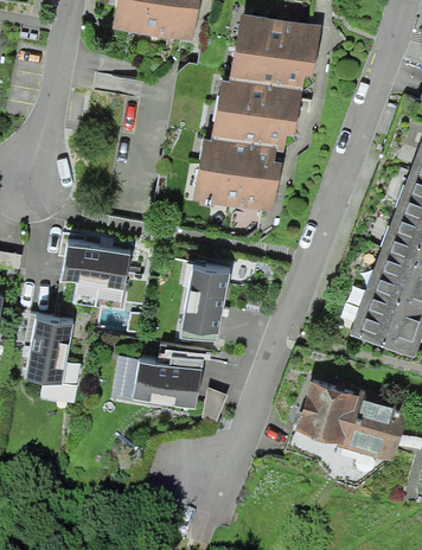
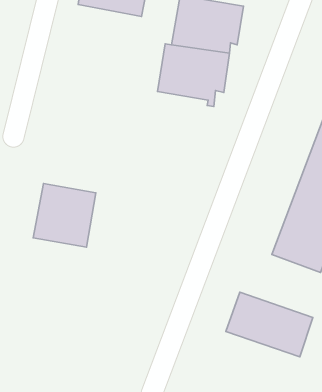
building: [188,126,277,203] -> none
building: [171,264,230,335] -> none
building: [19,315,76,384] -> none
building: [129,360,203,410] -> none

